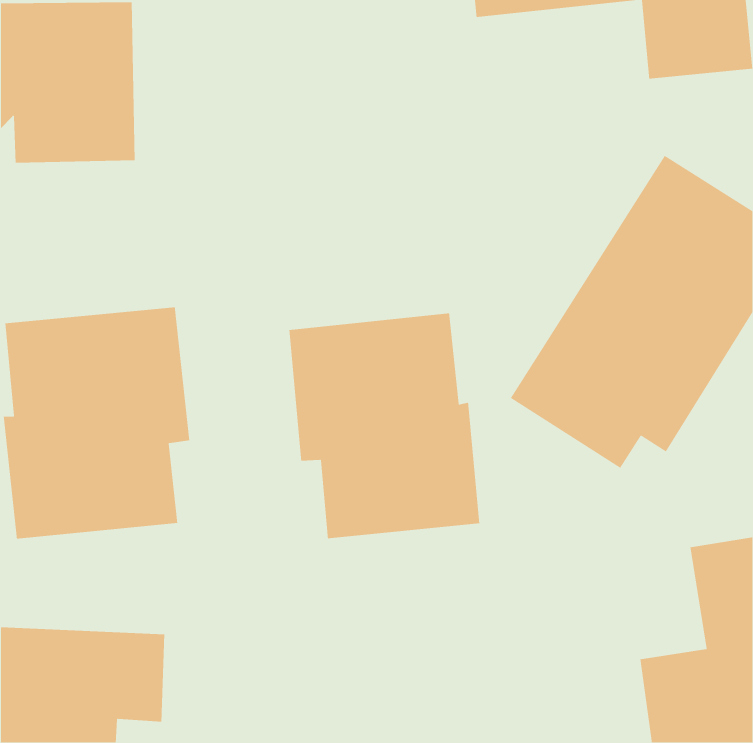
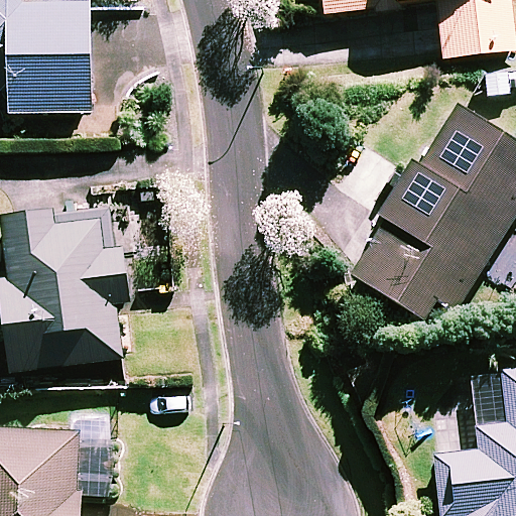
building: [289,312,480,539] -> none

